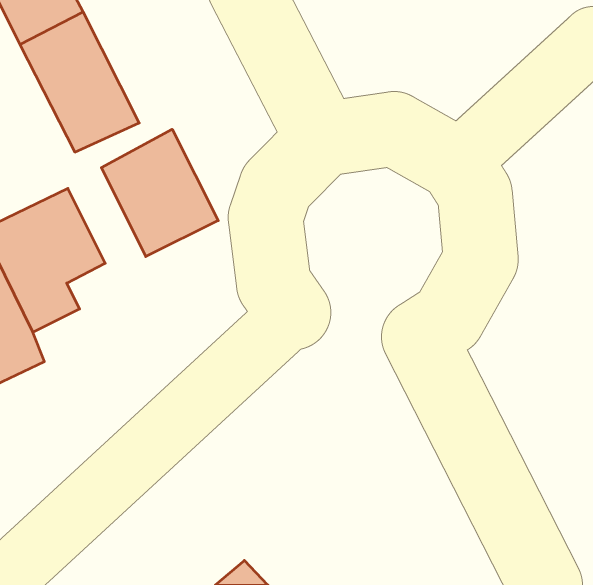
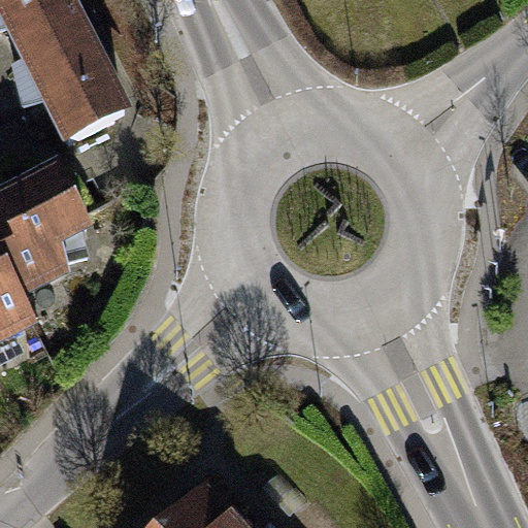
building: [101,129,218,257] -> none

